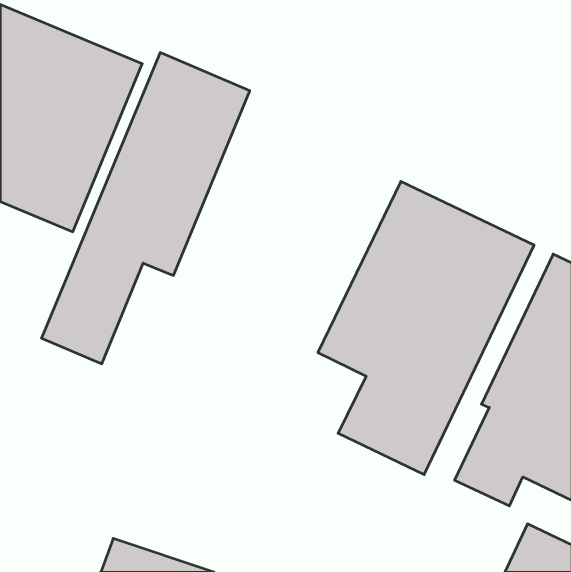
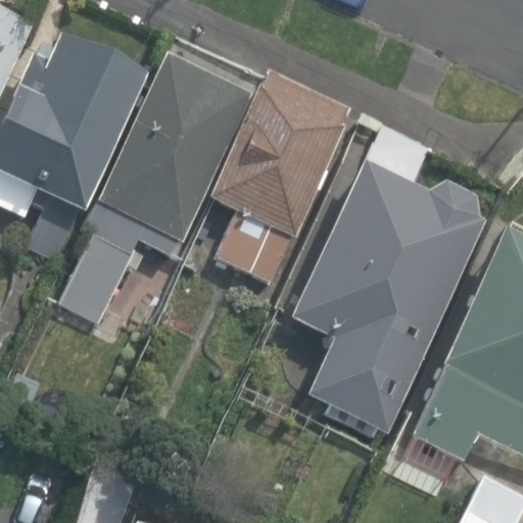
building: none -> [195,61,343,281]

